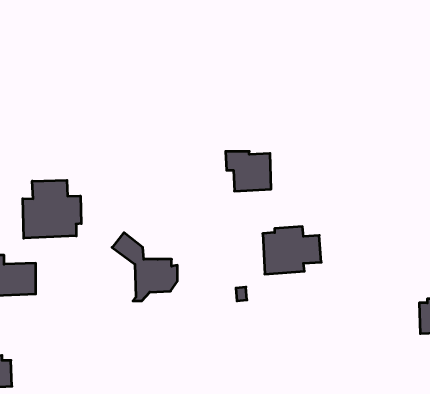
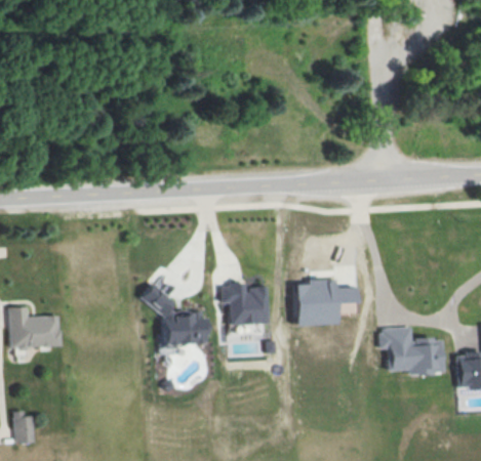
building: [226,151,271,191] -> [221,285,268,326]
building: [23,180,81,238] -> none
building: none -> [379,328,444,375]

